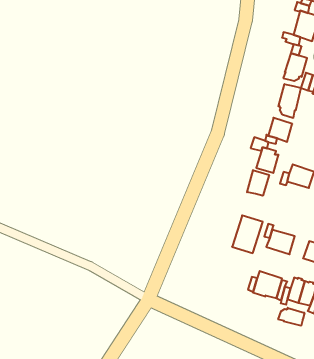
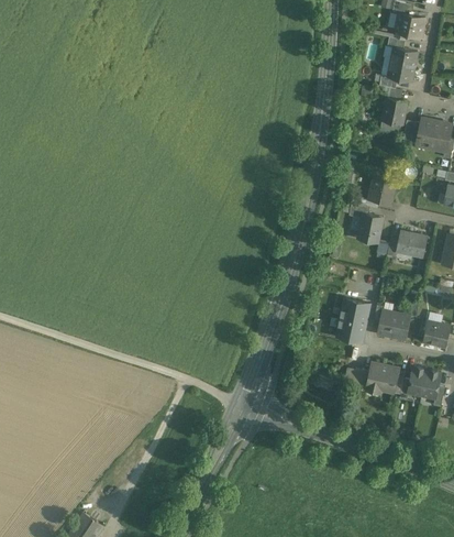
building: [278,84,301,118] -> none
building: [247,170,269,196] -> none
building: [278,308,304,326] -> none

